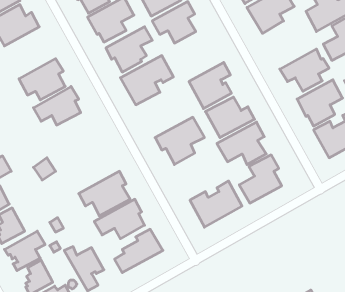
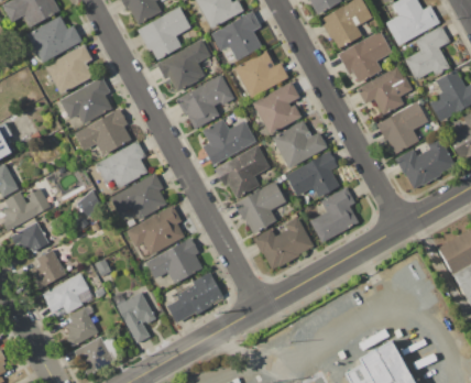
building: none -> [339,30,393,84]
building: none -> [45,44,94,94]
building: none -> [234,50,289,98]
building: none -> [202,119,256,165]
building: none -> [96,141,147,188]
building: none -> [110,173,167,220]
building: none -> [236,183,285,234]

